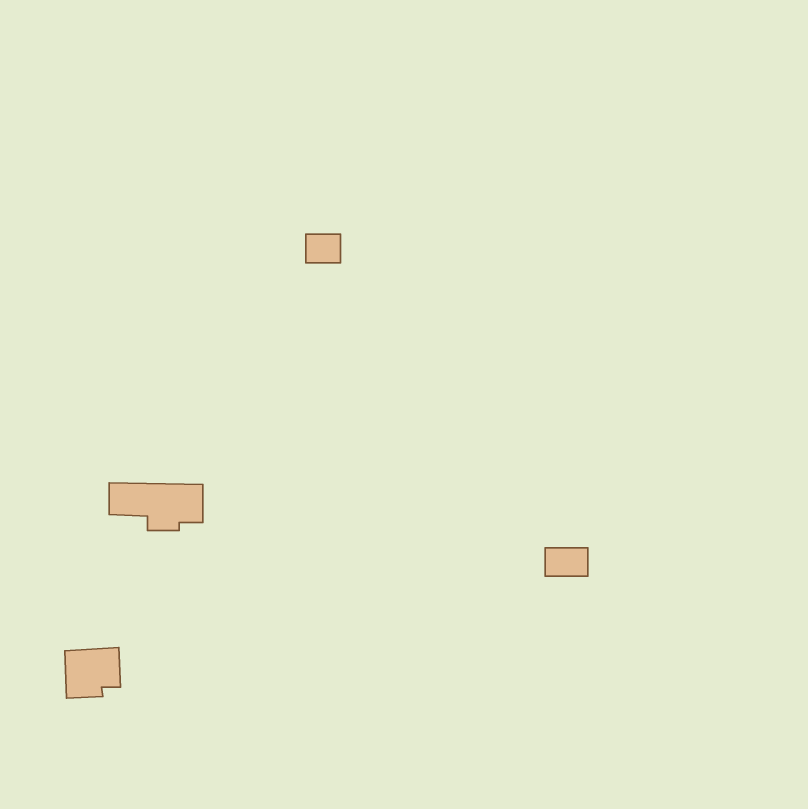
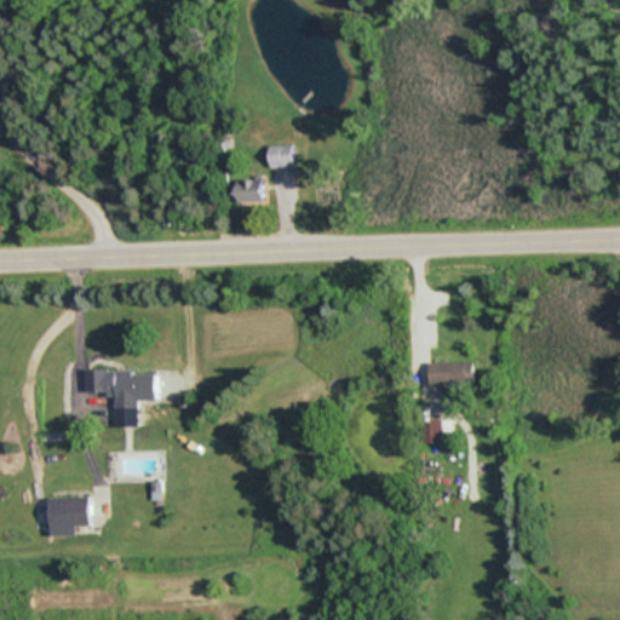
building: none -> [266,145,292,167]
building: none -> [425,362,470,390]

